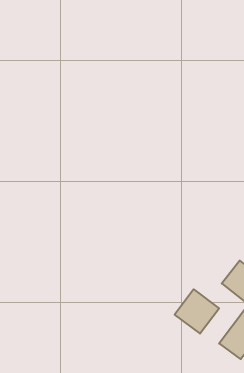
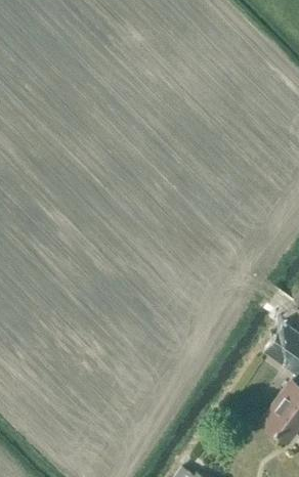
building: [175,289,219,334] -> none

